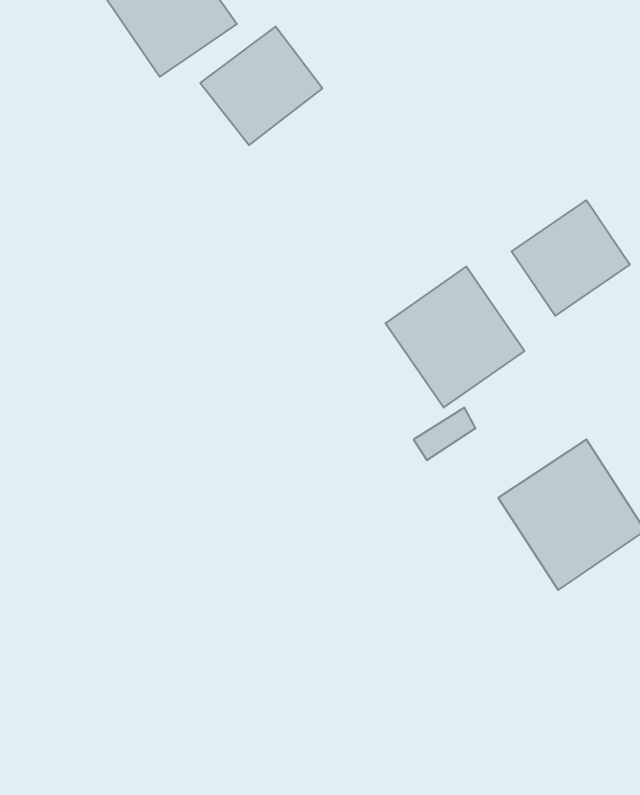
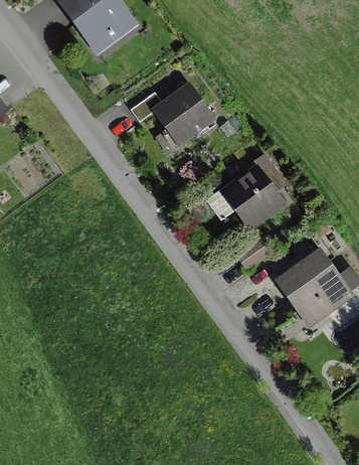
building: [200,27,322,145] -> [147,87,212,150]
building: [512,200,630,316] -> none

